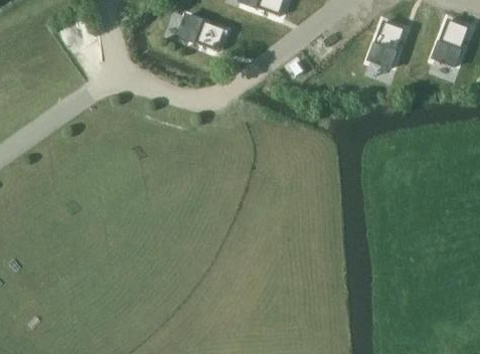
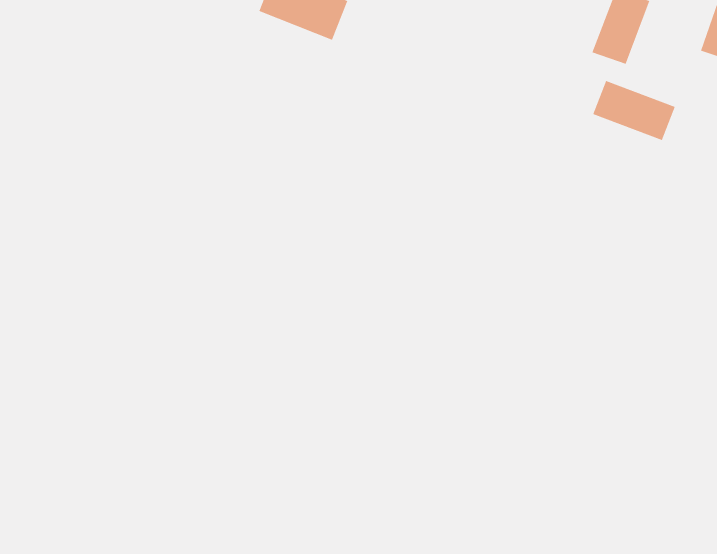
building: none -> [593,80,675,141]

